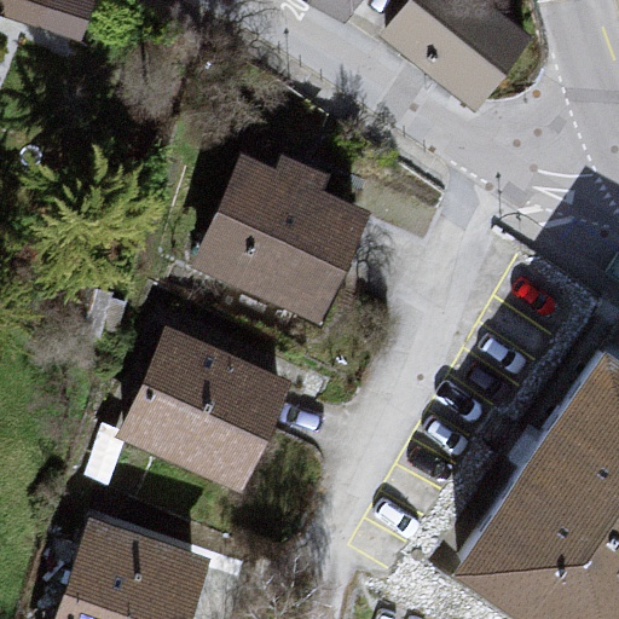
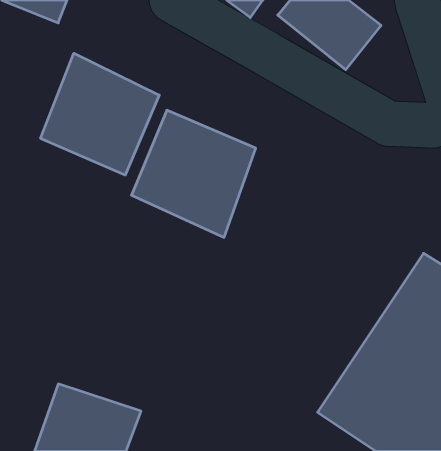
building: none -> [41,53,159,175]
building: [123,332,288,492] -> none

